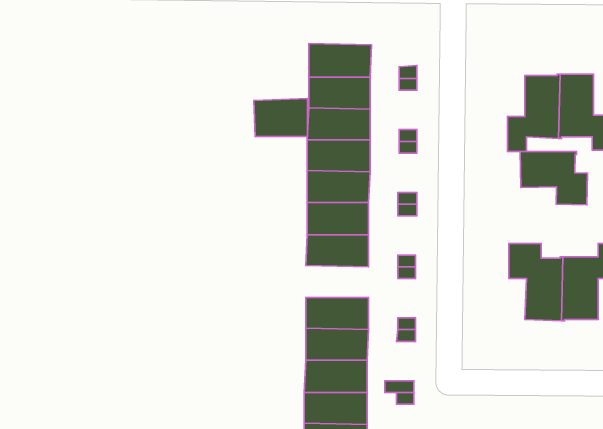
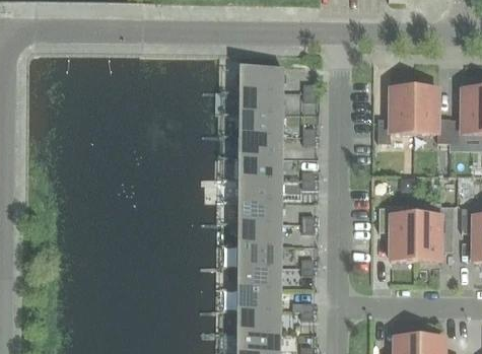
building: [254,99,307,137] -> none
building: [520,152,588,205] -> none
building: none -> [237,220,281,242]

